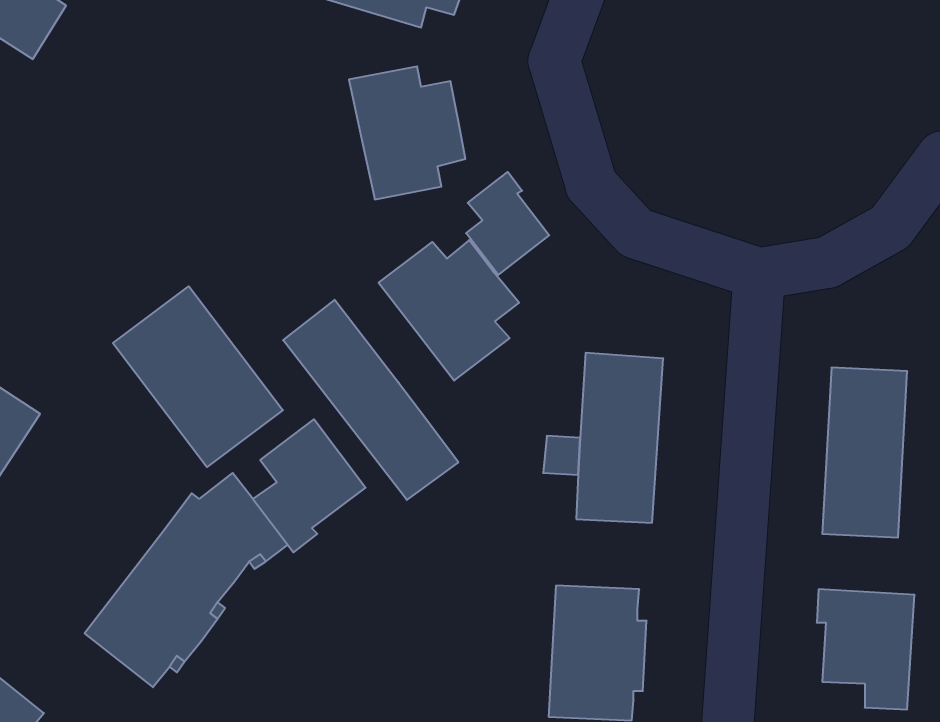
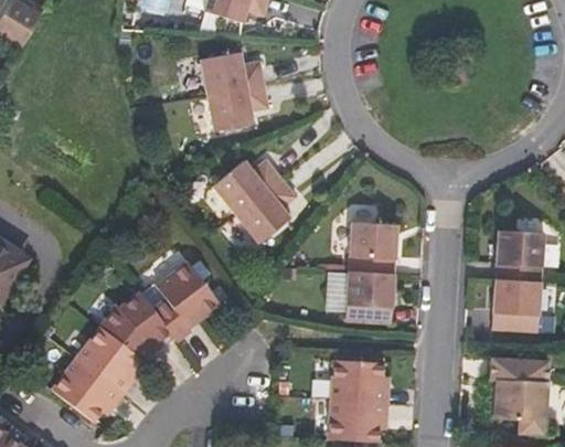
building: [466,172,549,275] -> none
building: [113,286,283,467] -> none
building: [283,300,458,500] -> none

